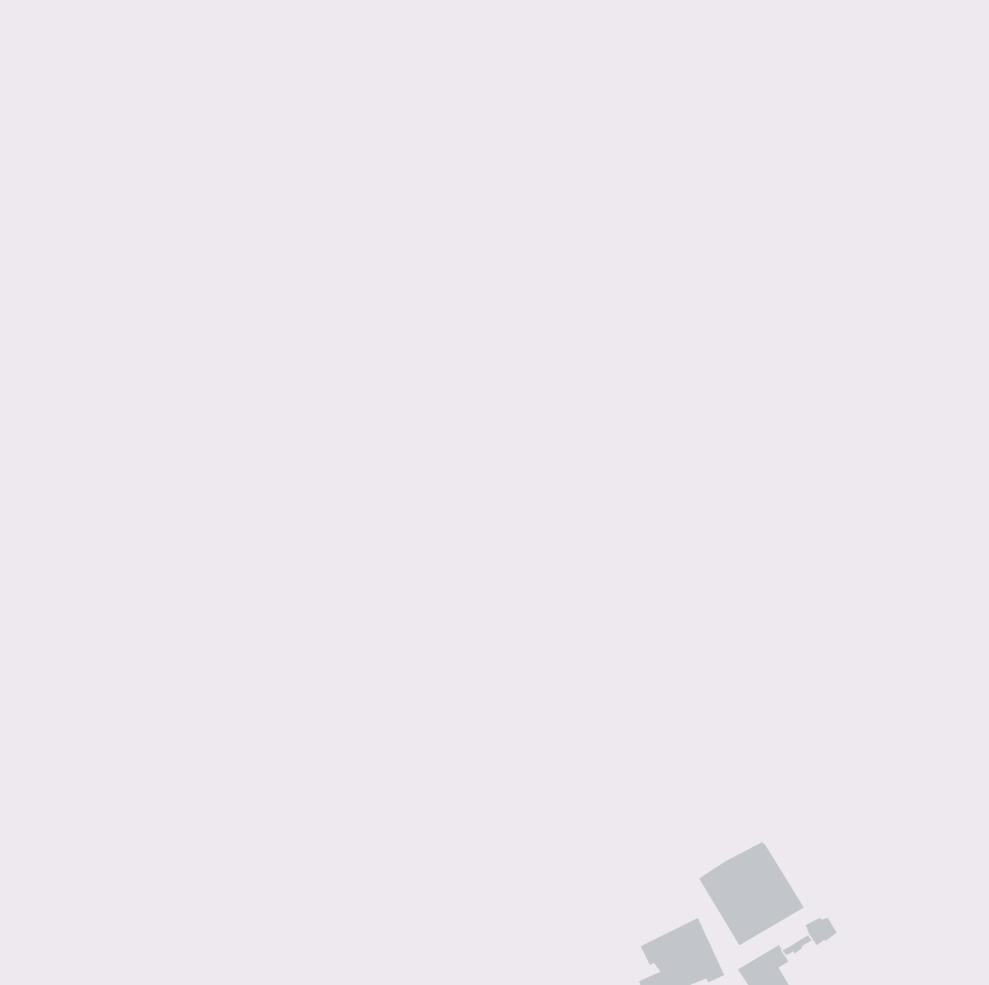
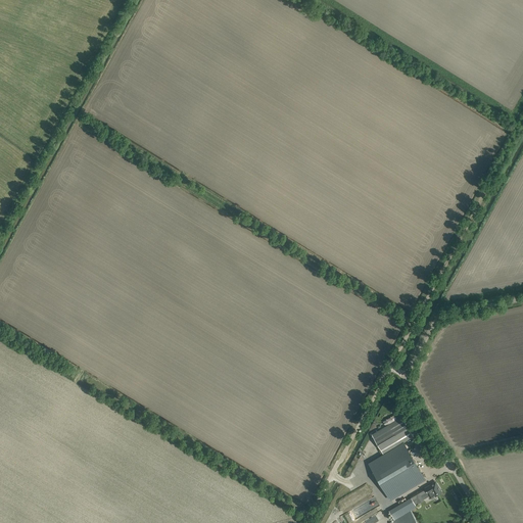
building: none -> [371,420,413,457]

